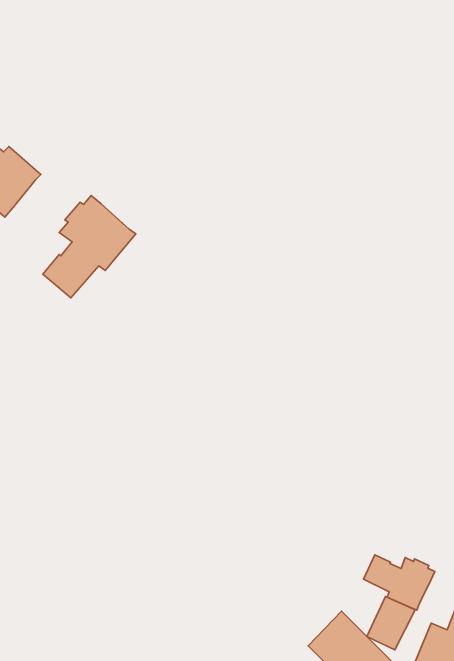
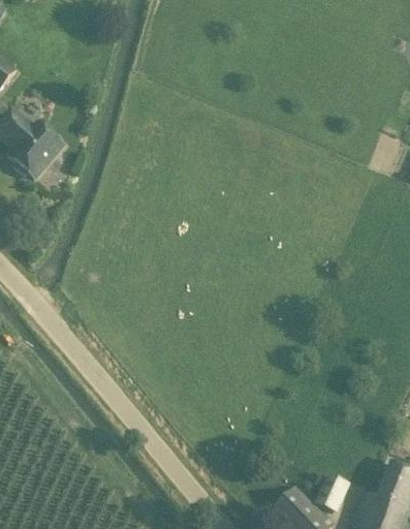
building: [43,196,136,298] -> none
building: [364,555,435,610] -> none

